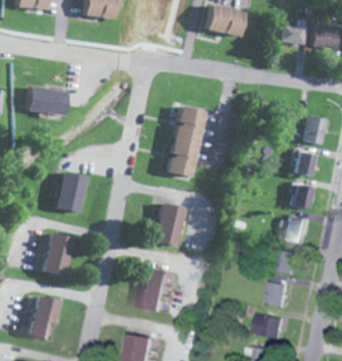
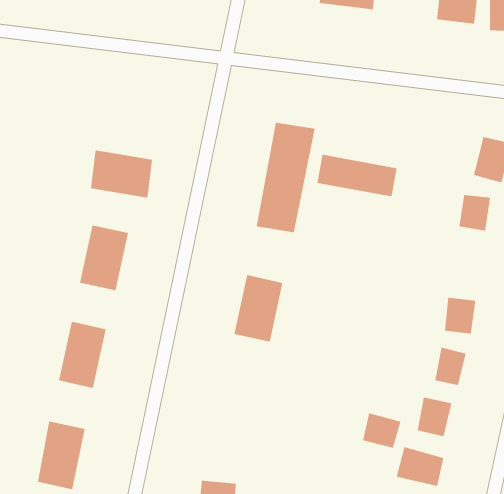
building: [22,85,62,115] -> [90,150,153,198]
building: none -> [317,154,397,197]
building: [289,185,310,208] -> none
building: [138,269,165,310] -> none
building: none -> [362,413,401,449]

